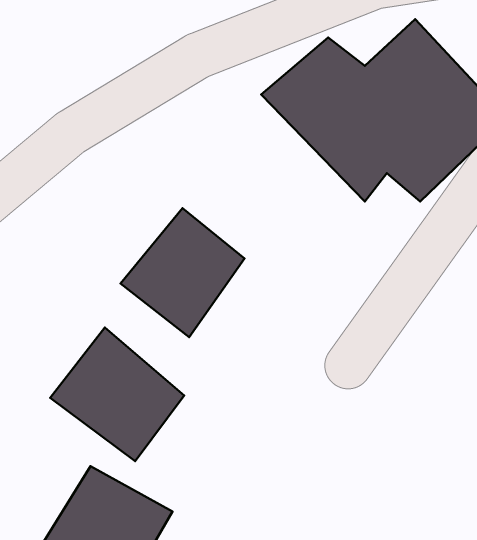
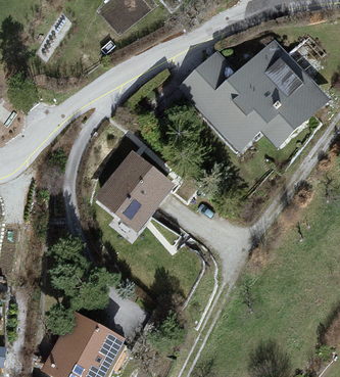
building: [50,327,184,461] -> none

